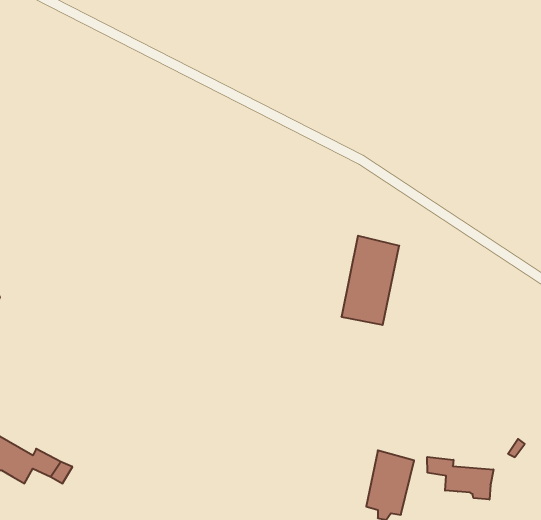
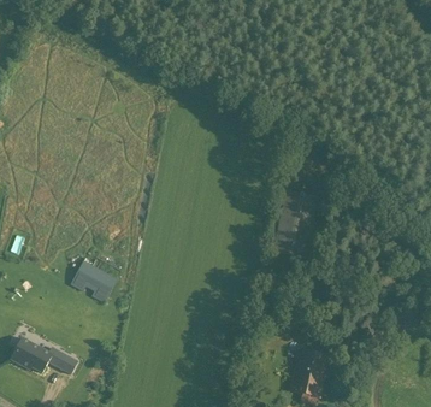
building: none -> [71,261,114,301]
building: [427,457,493,500] -> none

